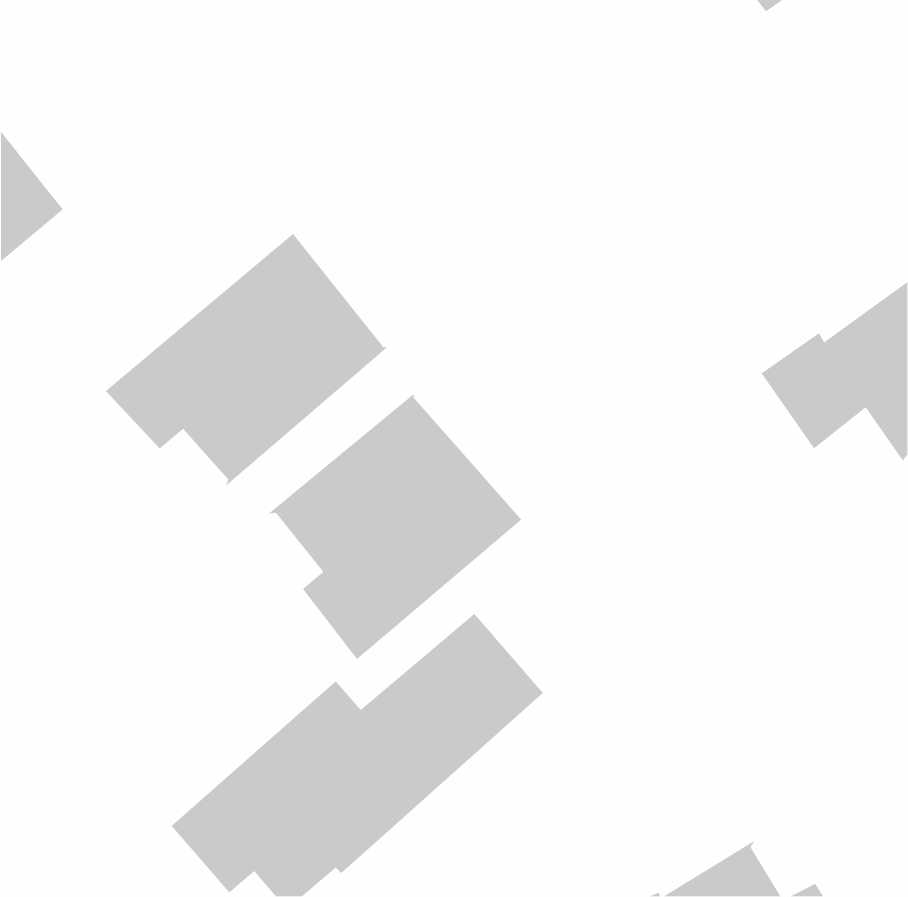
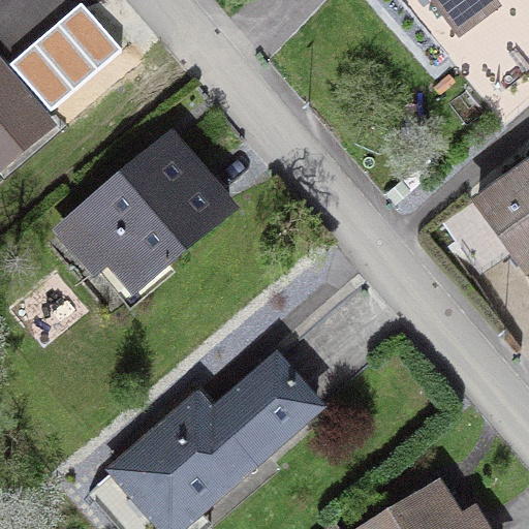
building: none -> [22,21,112,112]
building: [266,393,522,660] -> none

